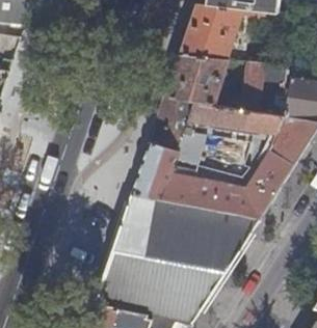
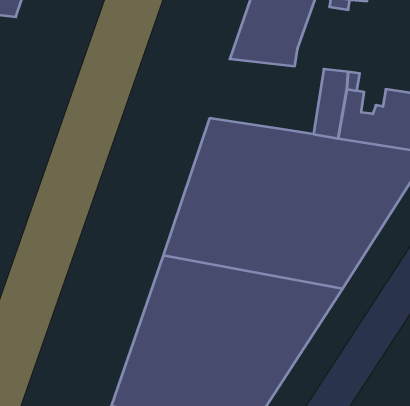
building: [163,55,224,106] -> none

